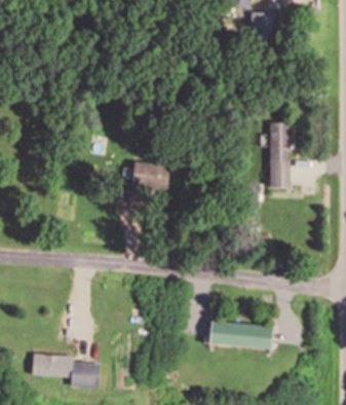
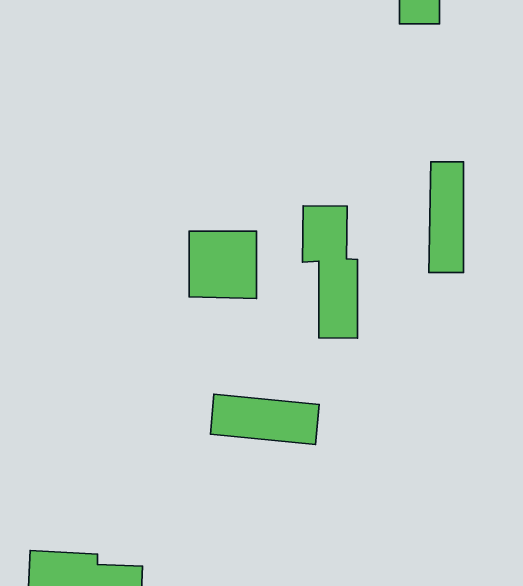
building: none -> [302,206,357,338]
building: [207,320,272,349] -> [210,394,319,444]

